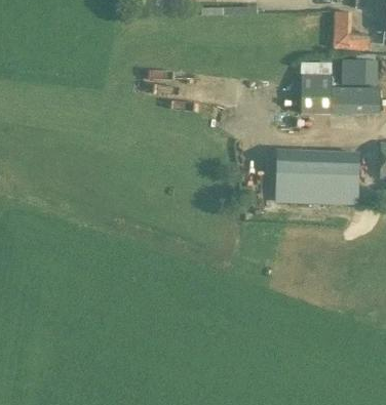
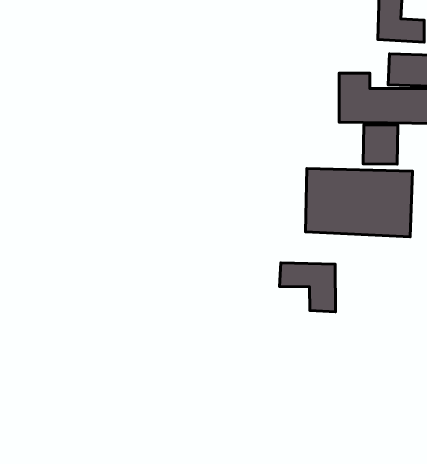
building: none -> [363,125,398,164]
building: none -> [279,263,335,312]

